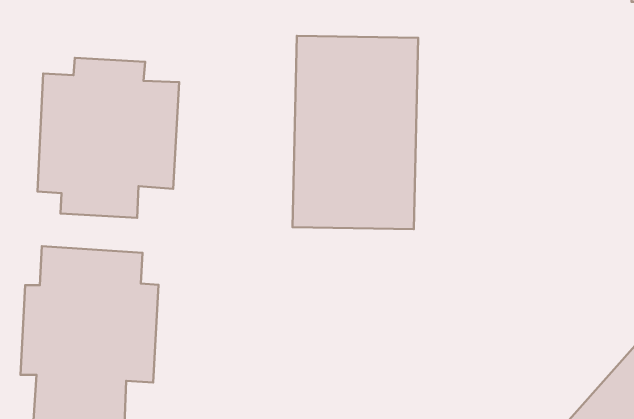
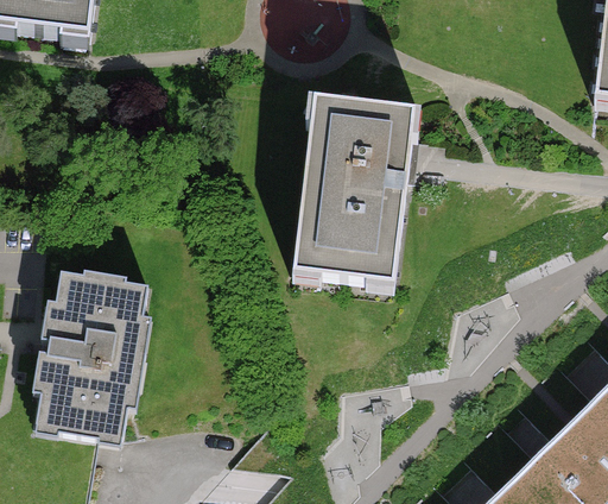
building: [37,58,179,218] -> none

